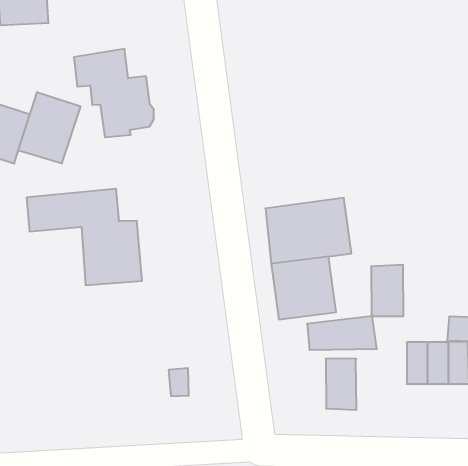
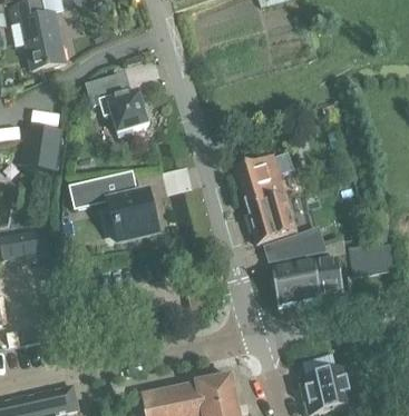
building: [18,92,80,164] -> none
building: [371,265,403,316] -> [314,259,342,298]
building: none -> [272,266,299,304]

